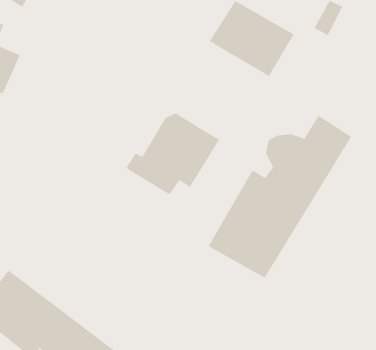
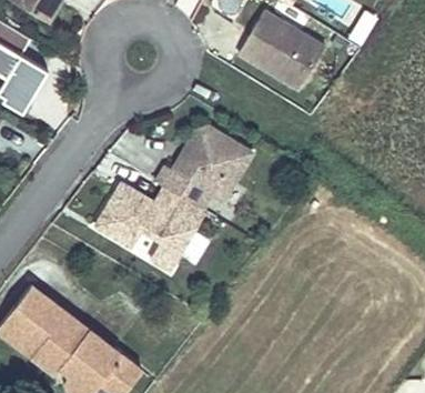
building: [208,115,352,279] -> none
building: none -> [92,183,202,272]

